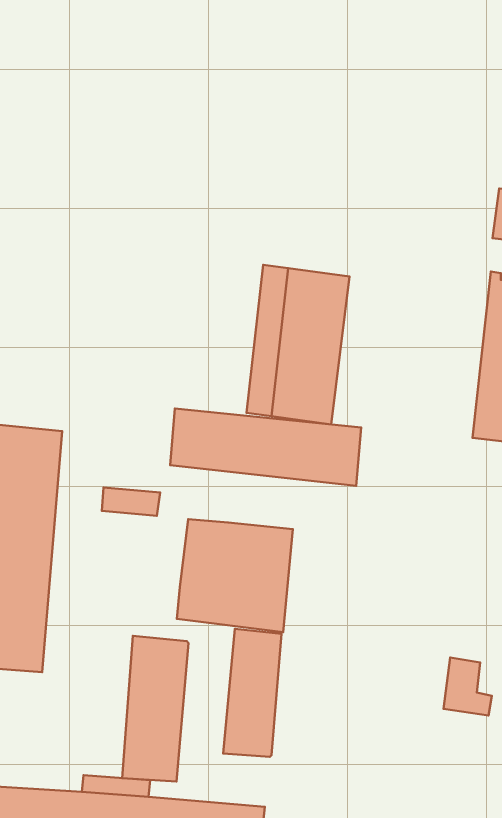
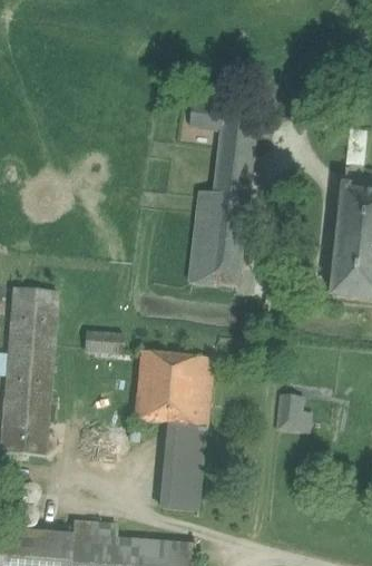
building: none -> [190,101,257,188]
building: [170,408,361,486] -> none
building: [122,636,188,781] -> none
building: [444,657,492,716] -> [277,393,310,432]

